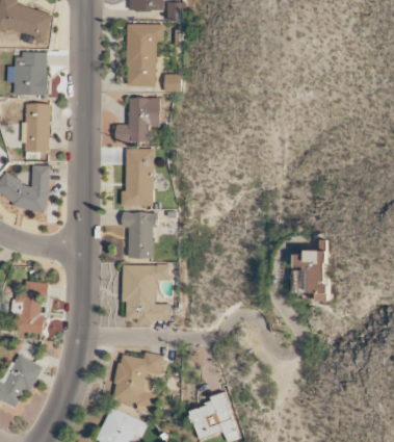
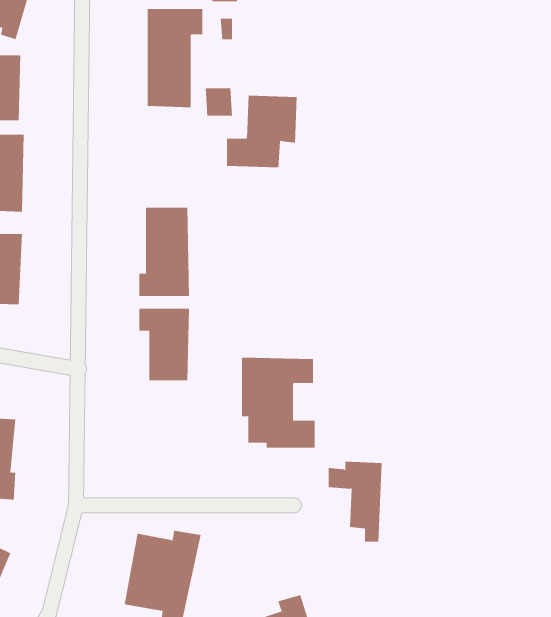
building: [115,97,160,142] -> [226,95,297,168]
building: [293,250,327,301] -> [328,461,382,542]
building: [122,264,168,321] -> [241,357,315,448]

